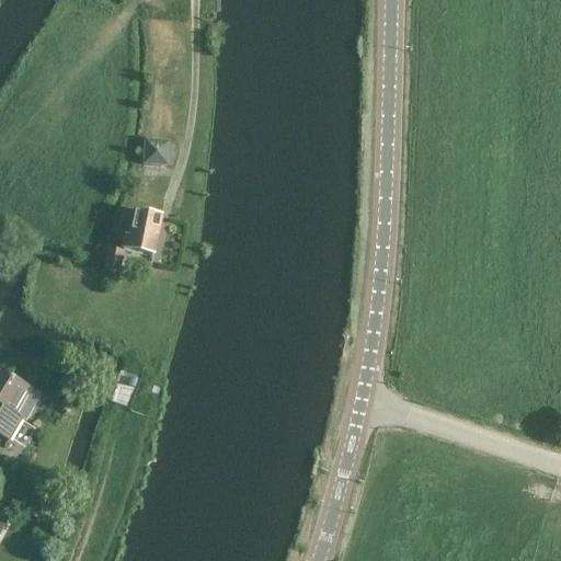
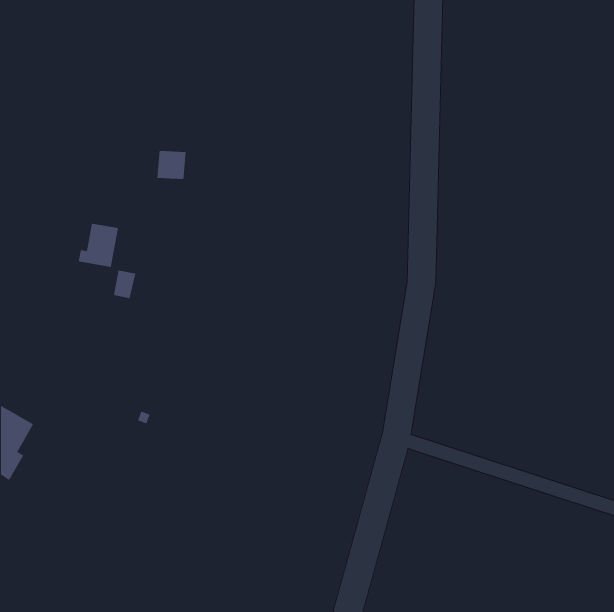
building: [124,209,161,250] -> [78,223,119,268]

